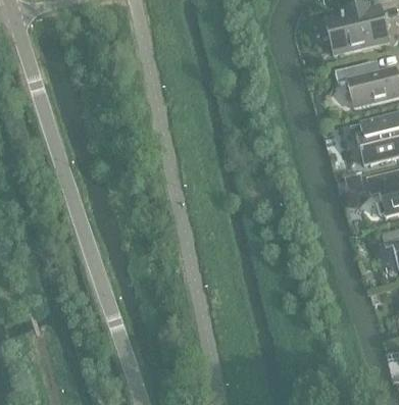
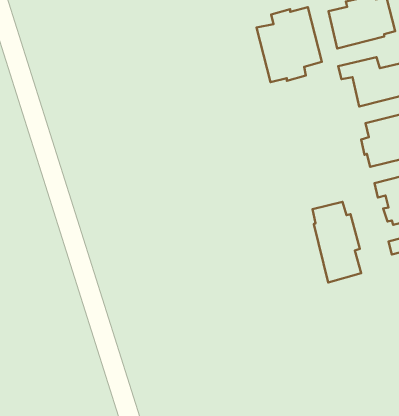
building: none -> [256,7,322,82]
building: none -> [312,202,361,282]

